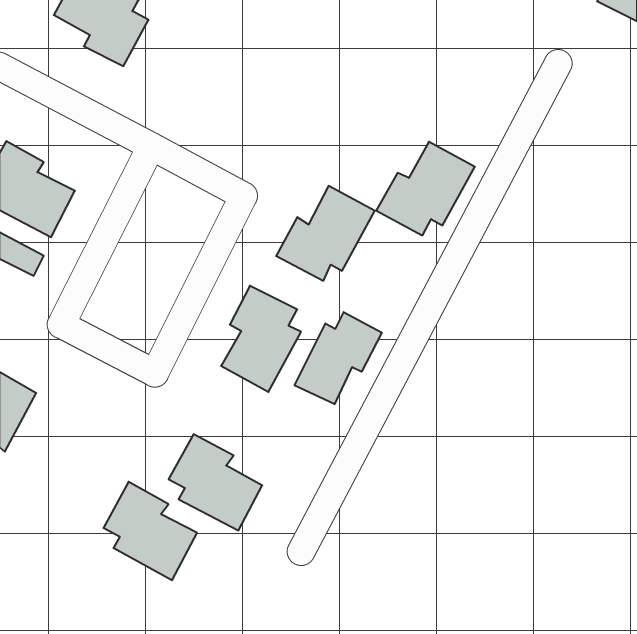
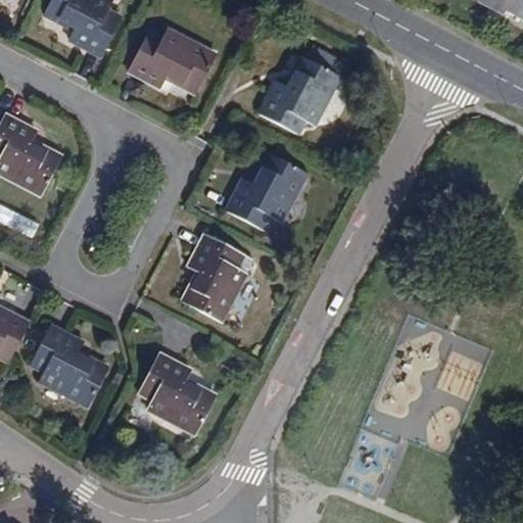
building: none -> [128,29,216,92]
building: [376,142,475,235] -> [259,56,340,133]
building: [295,312,382,404] -> none
building: [103,482,197,580] -> [31,327,107,408]

